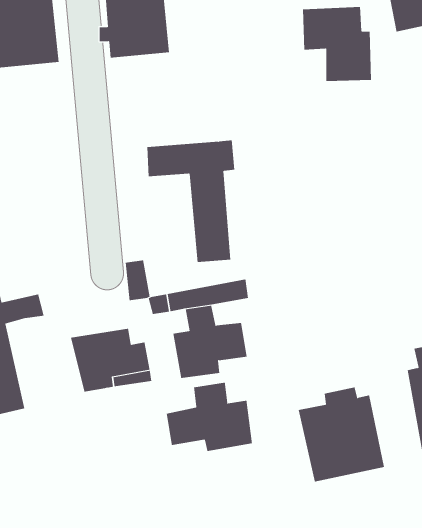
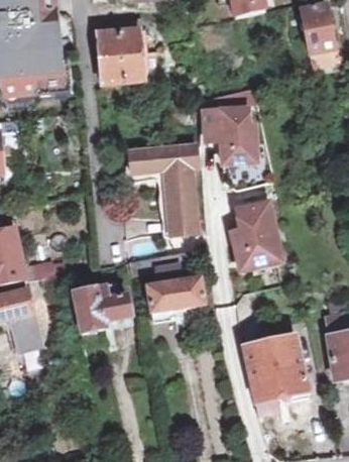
building: [302,7,372,82] -> [206,105,257,160]
building: none -> [231,200,280,267]
building: [166,382,253,452] -> none

